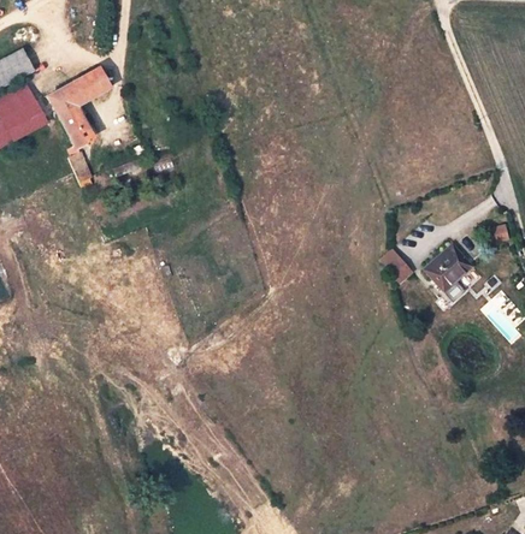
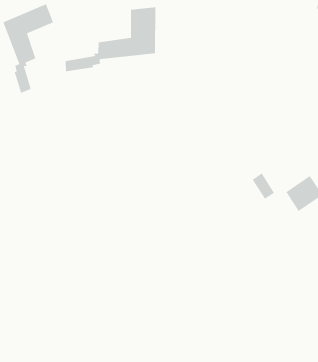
building: none -> [65,7,156,72]

